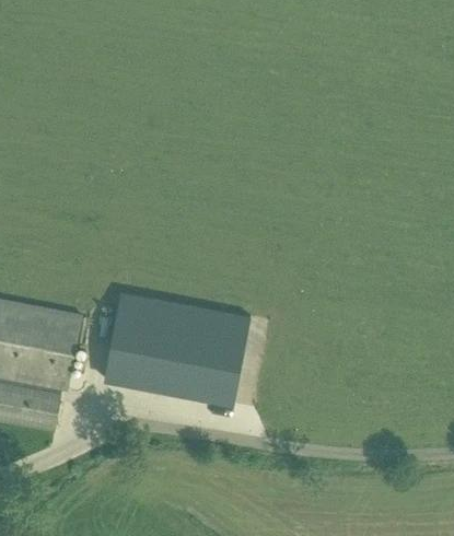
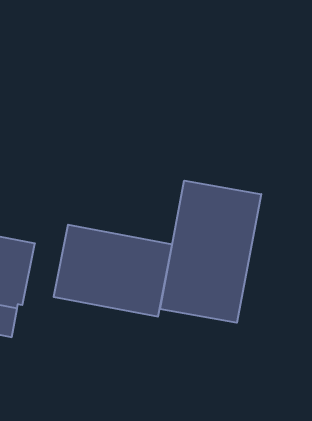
building: none -> [160,181,261,323]

